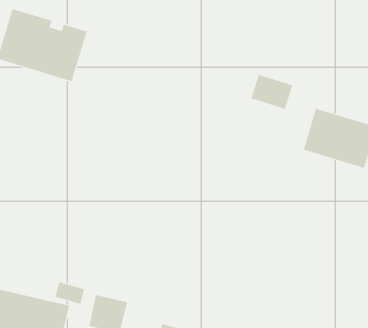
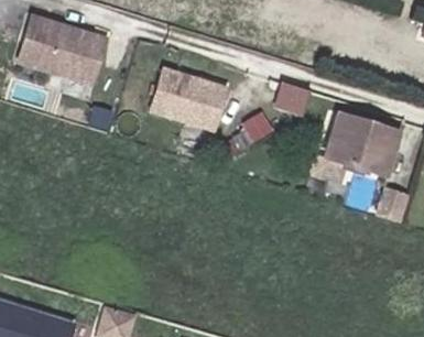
building: none -> [148,66,227,137]

